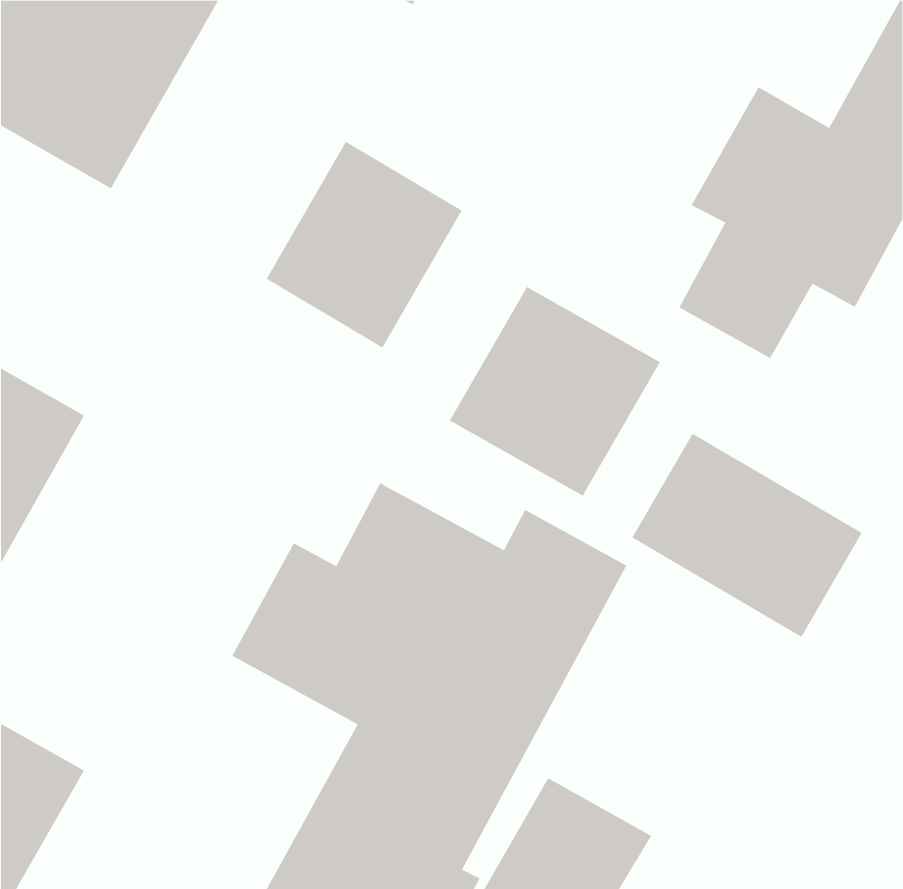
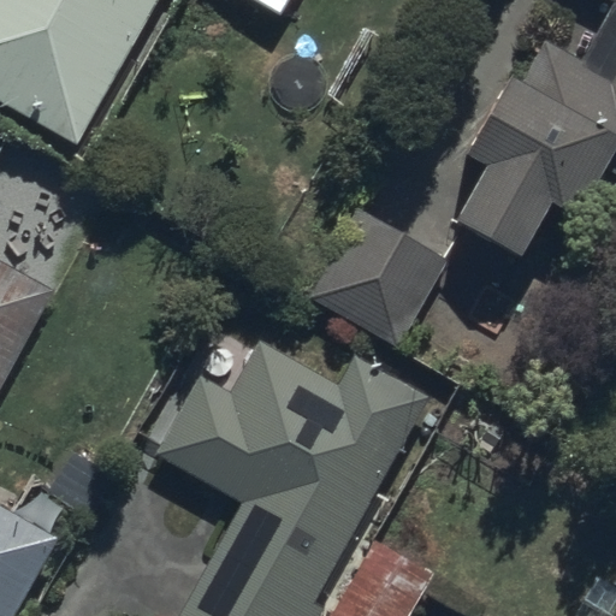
building: [266,141,463,349] -> none
building: [631,433,862,638] -> none

